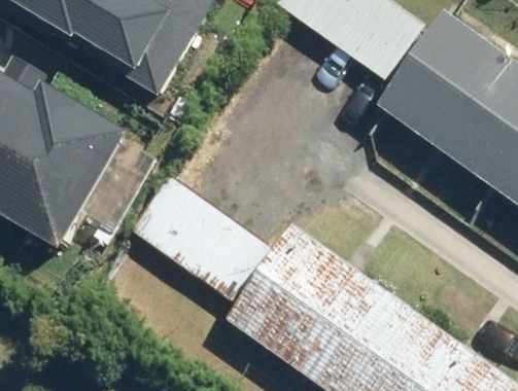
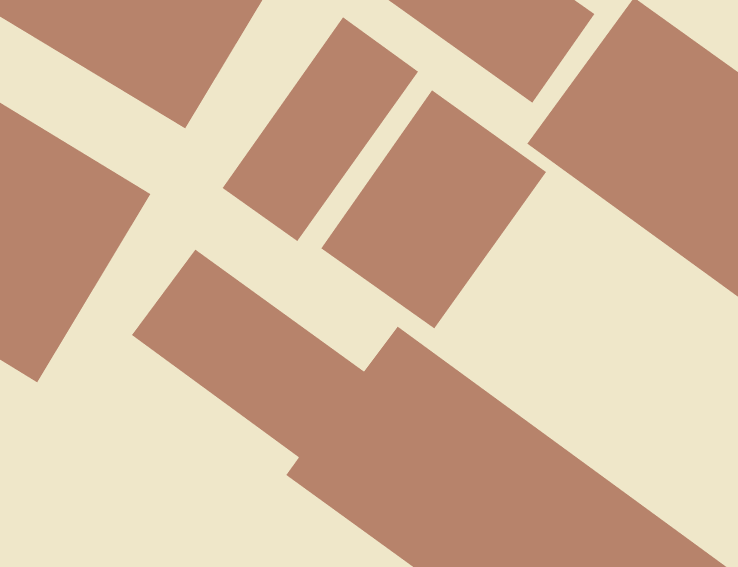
building: none -> [222,16,419,242]
building: none -> [320,89,547,329]

